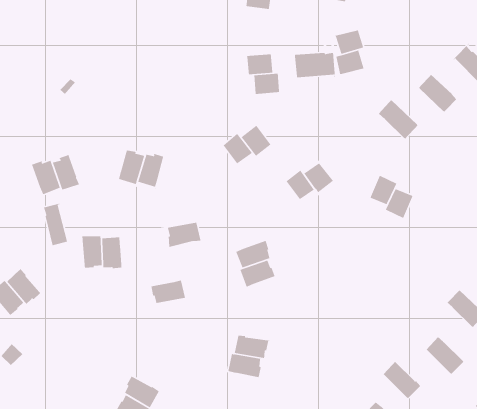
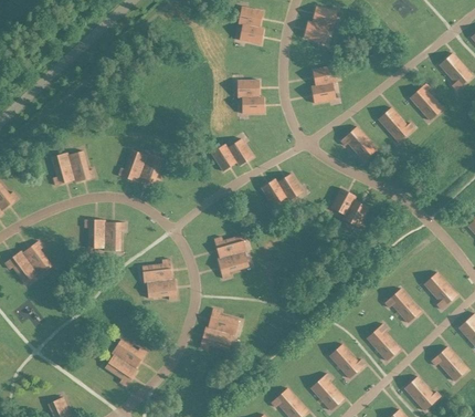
building: [294,44,336,81] -> none
building: [38,203,69,247] -> none
building: [162,221,203,248] -> [144,279,177,300]

